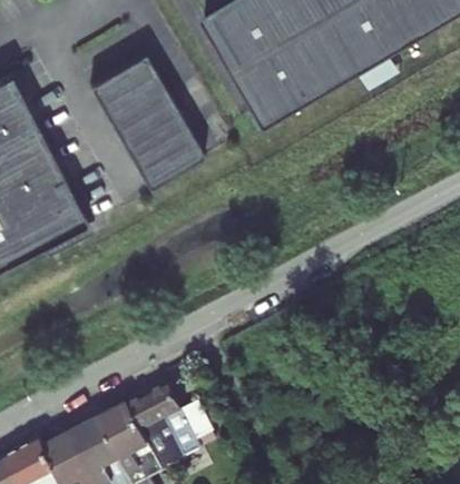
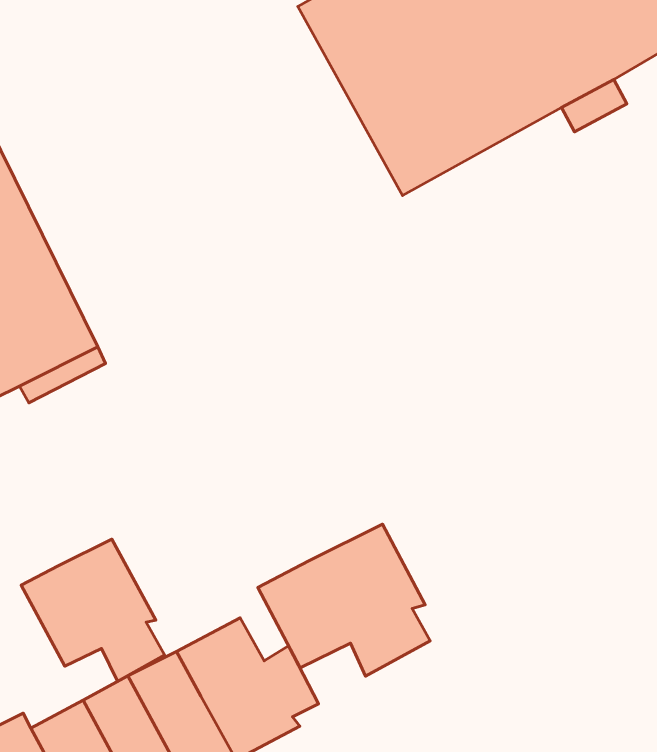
building: [88,50,203,186] -> none
building: none -> [258,524,430,676]
building: none -> [21,539,164,681]

